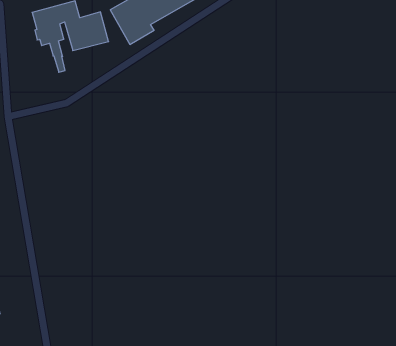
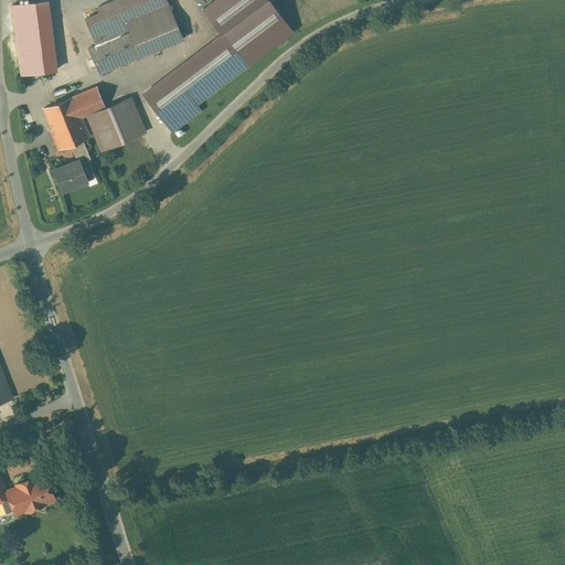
building: none -> [53,161,87,192]

